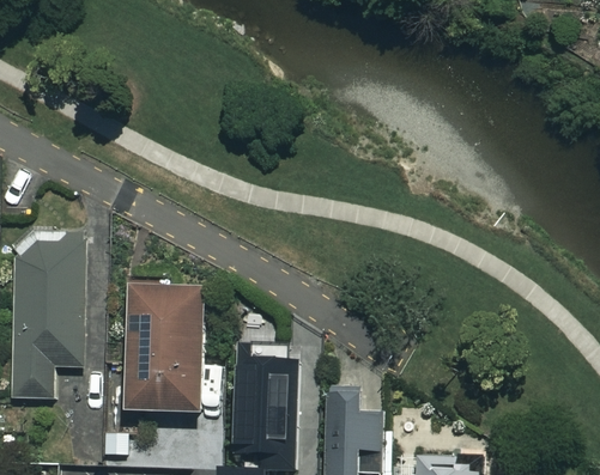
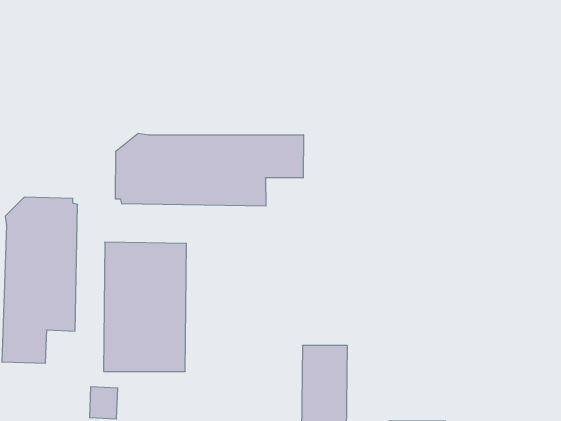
building: none -> [115,133,303,206]
building: [232,343,290,449] -> none

